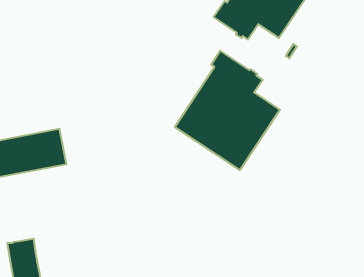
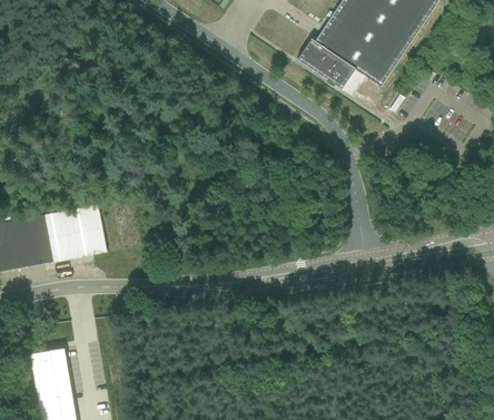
building: [175,51,280,170] -> none

